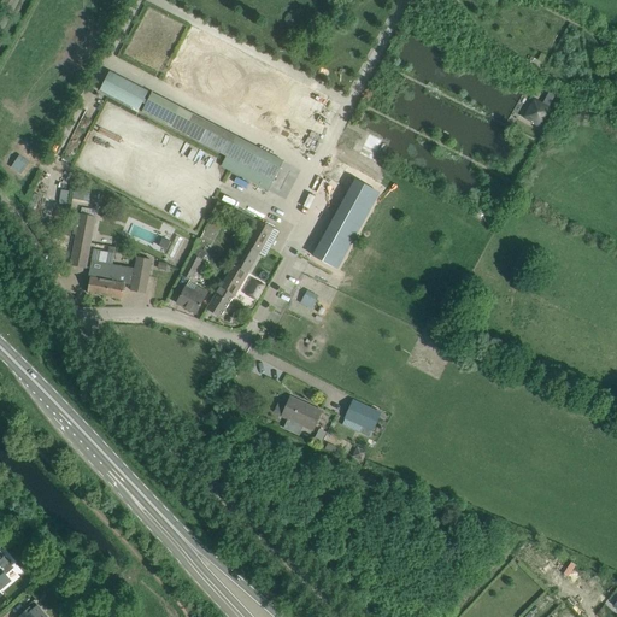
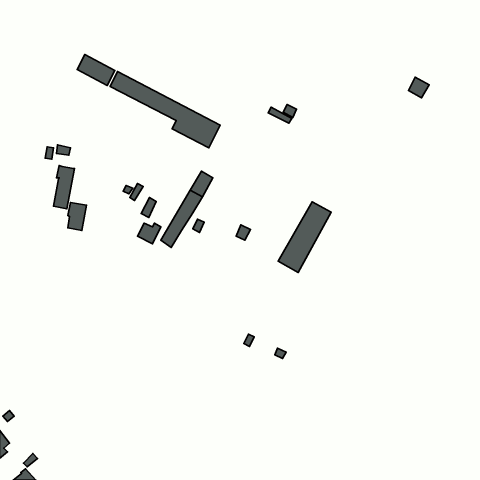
building: [311,178,378,269] -> [278,202,331,273]
building: [105,255,151,298] -> none
building: [281,395,321,435] -> none
building: [343,399,380,429] -> none

